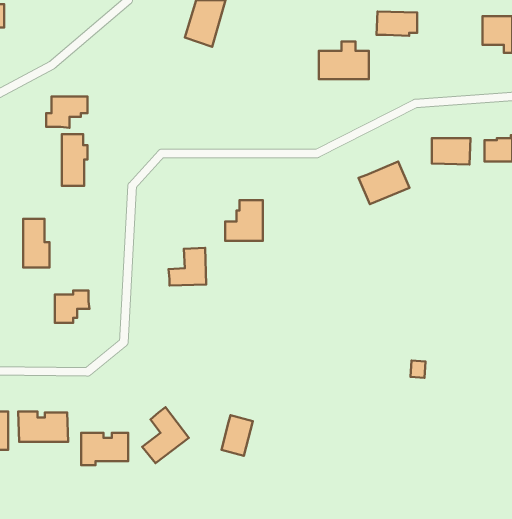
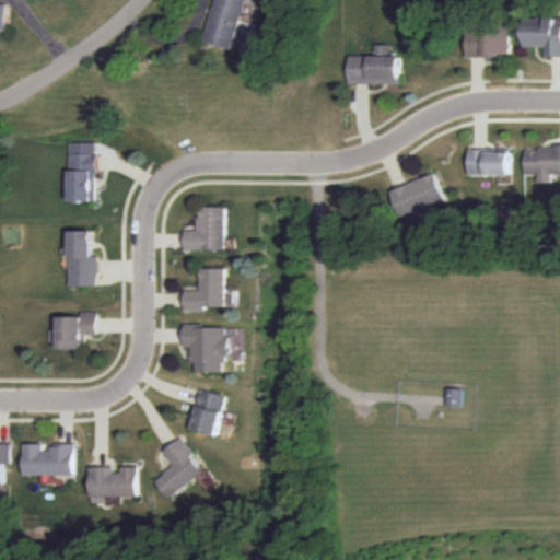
building: [377,12,417,36] -> [463,32,506,58]
building: [46,97,87,128] -> none
building: [225,200,263,241] -> [182,206,222,249]
building: [23,219,50,268] -> [67,232,95,284]
building: none -> [182,324,228,371]
building: [221,415,253,456] -> [190,390,224,434]

